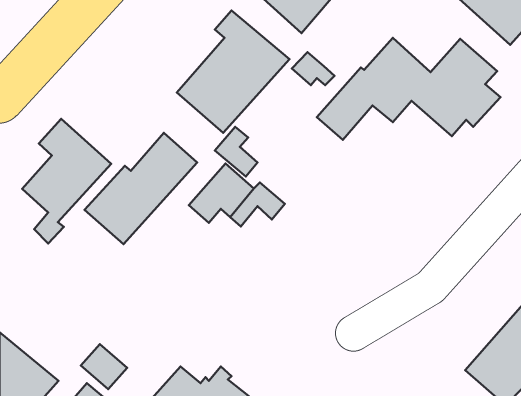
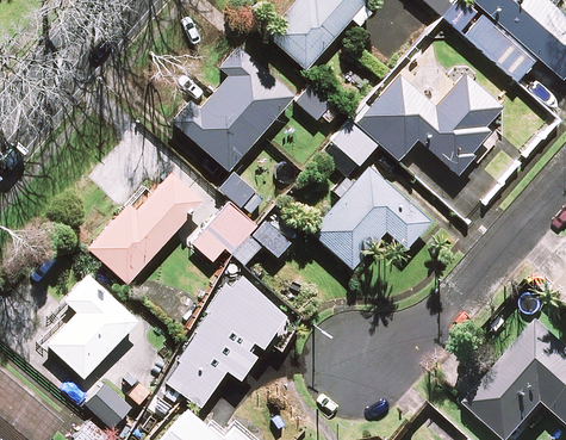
building: [22,119,111,243] -> [48,274,137,399]
building: none -> [311,167,429,268]
building: none -> [161,274,284,405]

